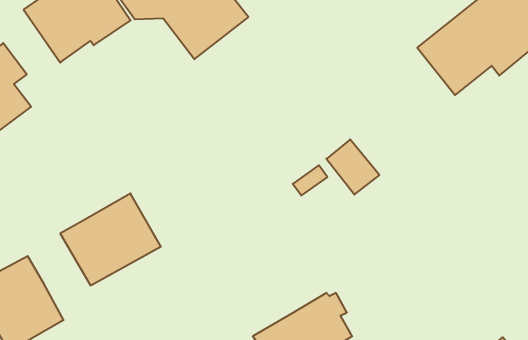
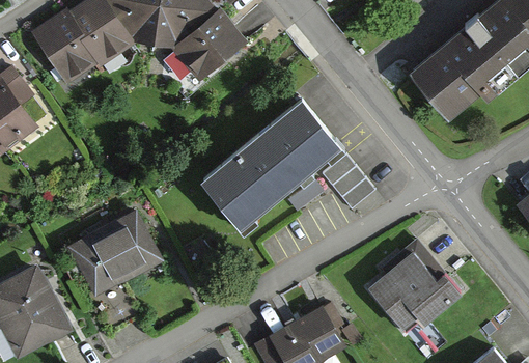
building: none -> [201,94,339,225]
building: none -> [366,250,463,329]

